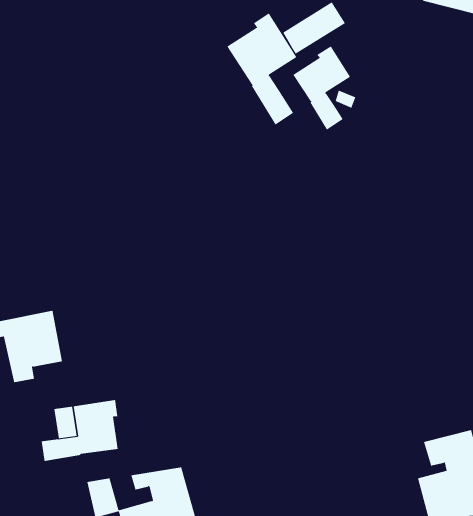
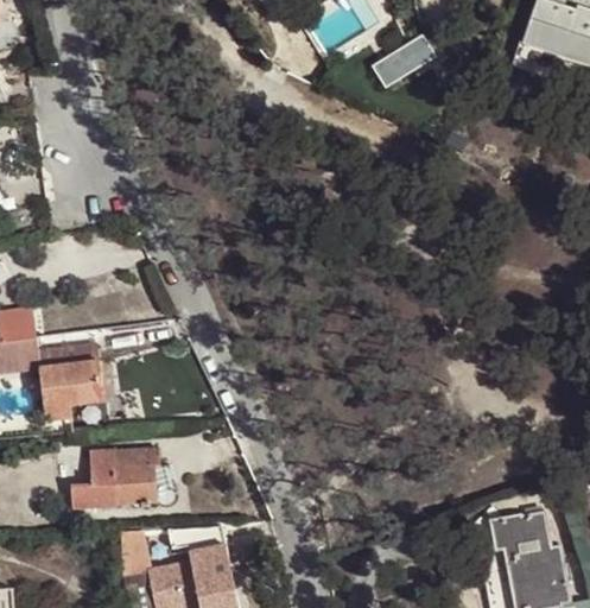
building: [227,13,297,125] -> none
building: [292,45,351,130] -> none

